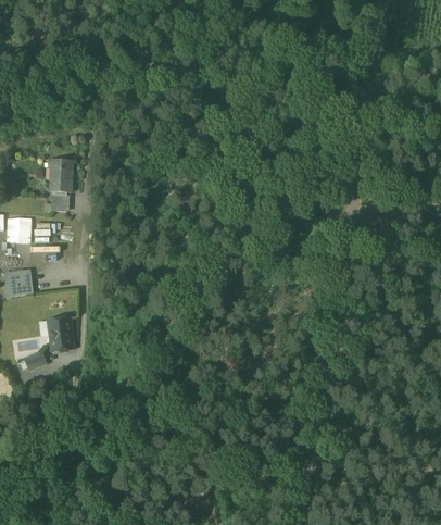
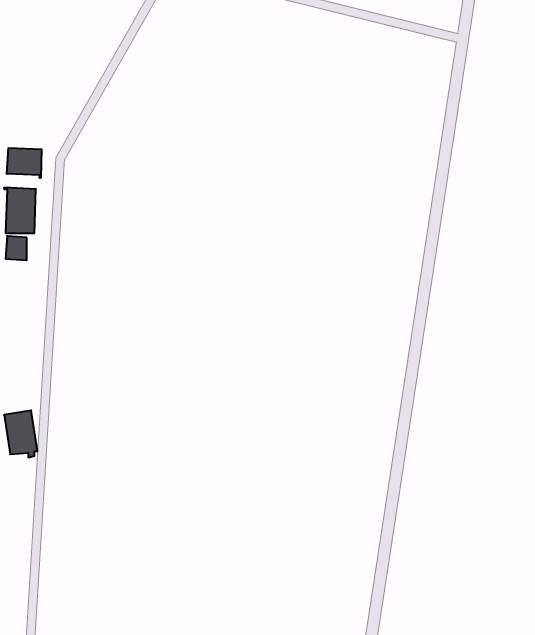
building: none -> [7,148,41,178]

